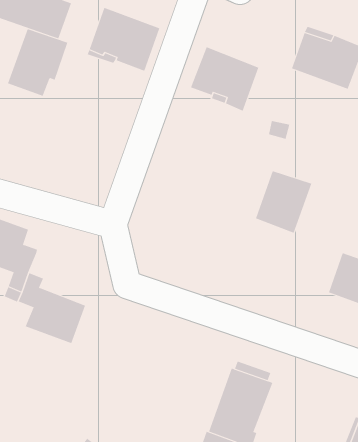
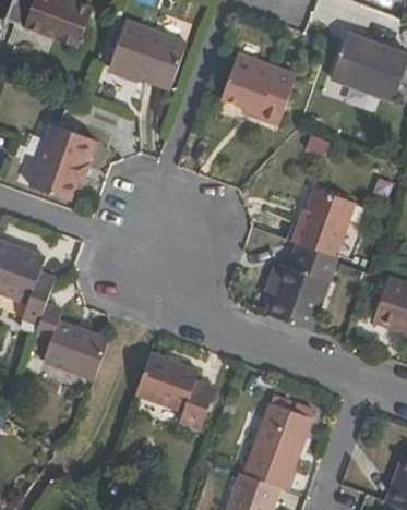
building: [7,28,68,97] -> [32,125,98,199]
building: none -> [264,242,335,331]
building: none -> [133,354,214,429]

